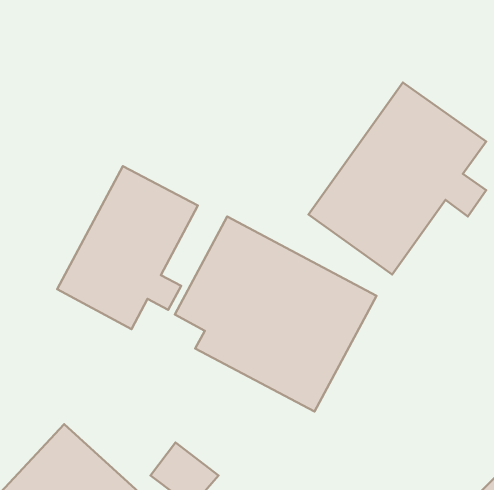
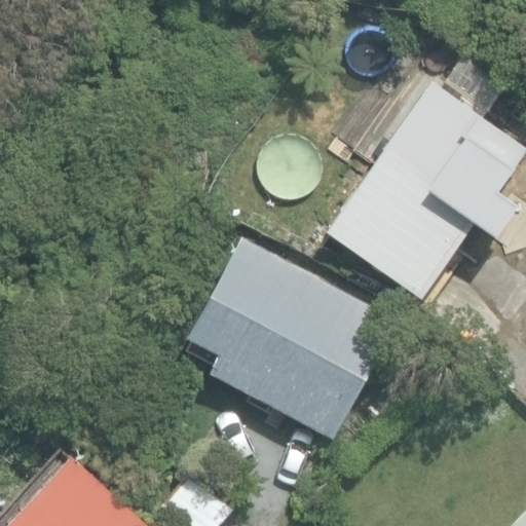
building: [57,166,198,329] -> none

